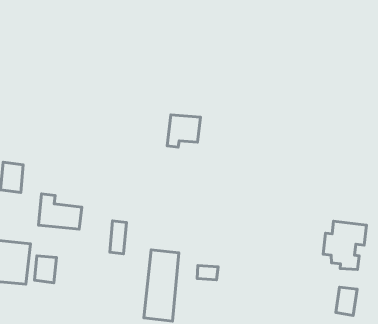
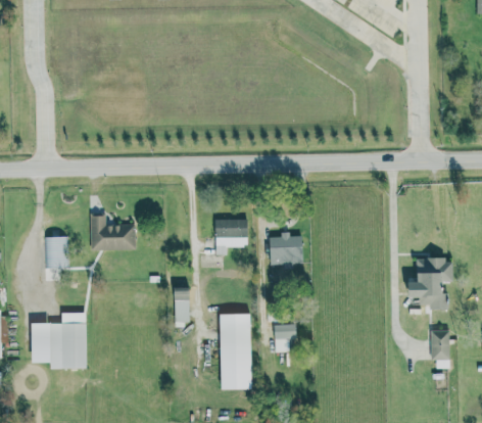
building: [167,115,200,147] -> [215,219,248,254]
building: none -> [270,234,303,265]
building: [39,194,82,229] -> [90,216,136,250]
building: [34,256,56,283] -> none

